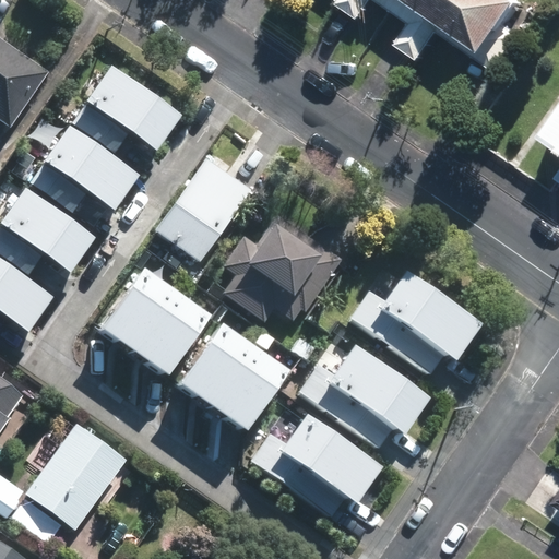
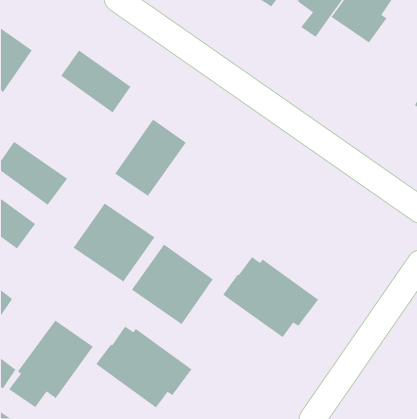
building: [41,126,138,210] -> none
building: [222,207,342,314] -> none
building: [350,265,479,374] -> none
building: [251,407,380,518] -> [95,325,192,409]

